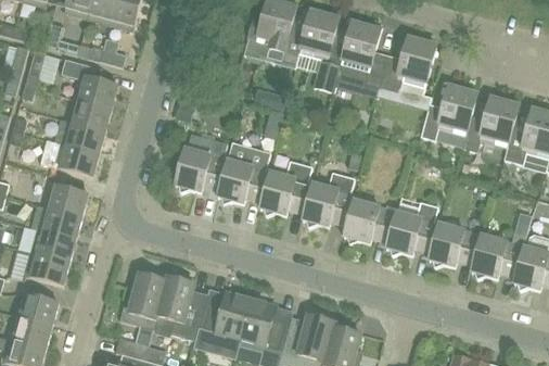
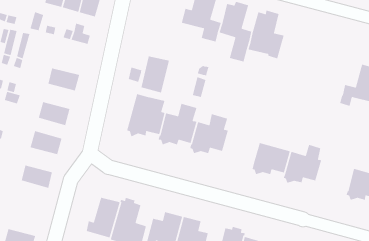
building: [379,33,436,94] -> none
building: [61,59,117,108] -> none
building: [420,80,476,140] -> none
building: none -> [140,55,170,93]
building: [54,118,105,153] -> none
building: [302,172,355,227] -> none
building: [30,204,81,239] -> none
building: [427,223,481,267] -> none
building: [25,251,69,286] -> none
building: [14,293,59,325] -> none

